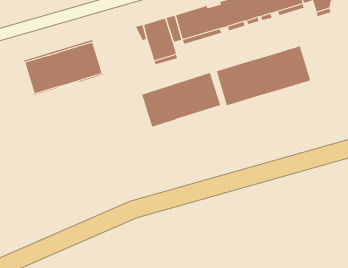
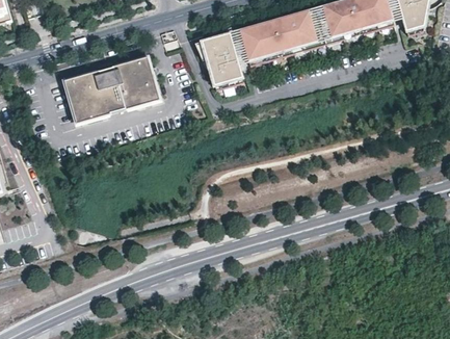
building: [216,45,311,106] -> none
building: [141,72,221,128] -> none

